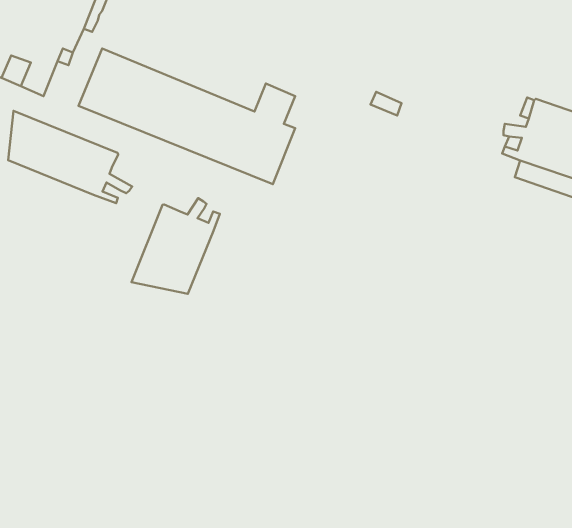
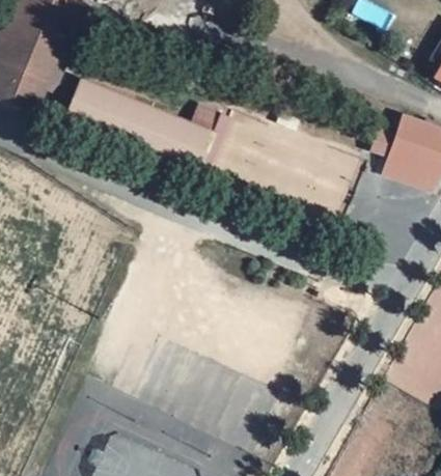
building: [8,111,132,203] -> none
building: [131,198,220,294] -> none

